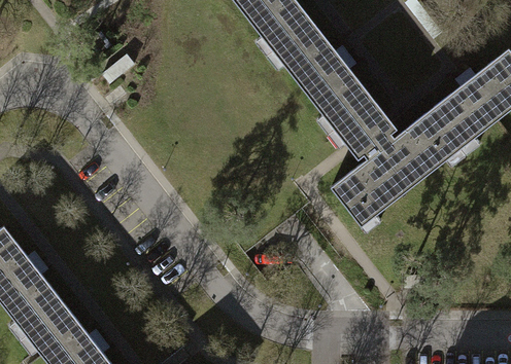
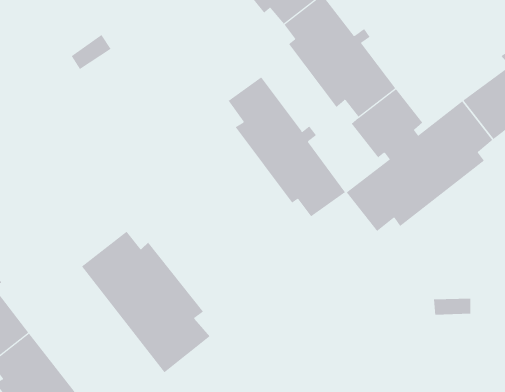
building: none -> [228,76,346,217]
building: none -> [81,231,210,373]

